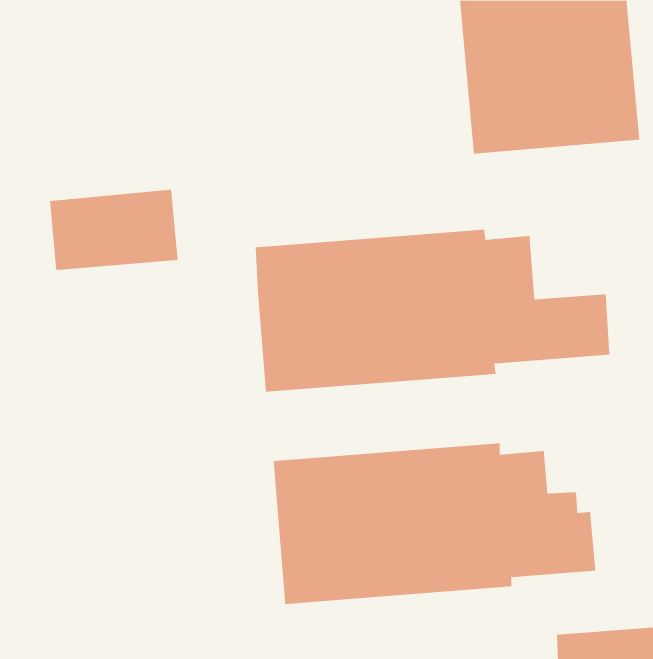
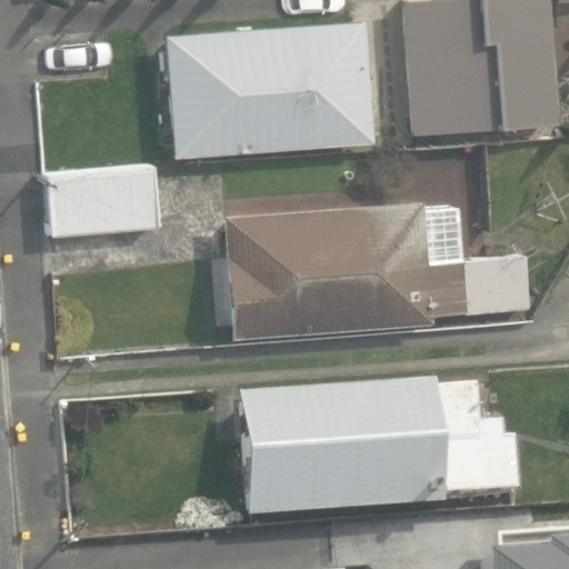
building: none -> [168,21,371,156]

